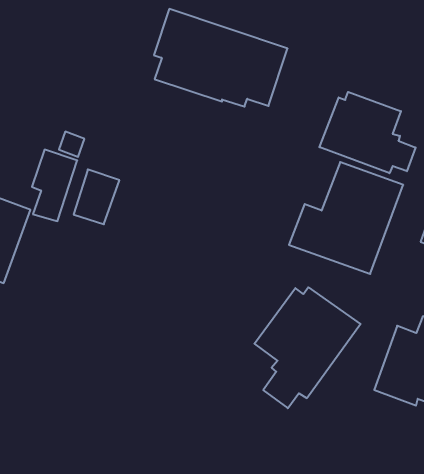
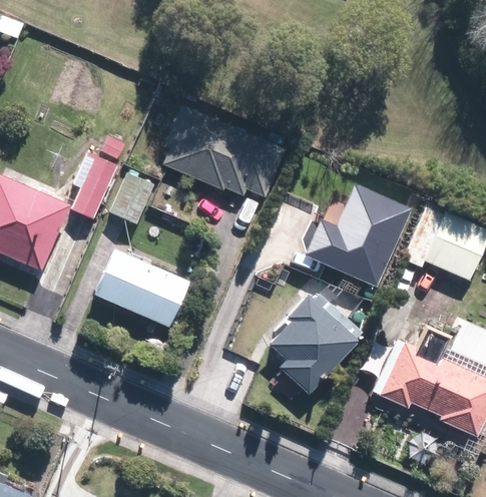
building: [154,9,288,107] -> [163,102,287,197]
building: [319,92,416,173] -> none
building: none -> [95,248,189,327]

